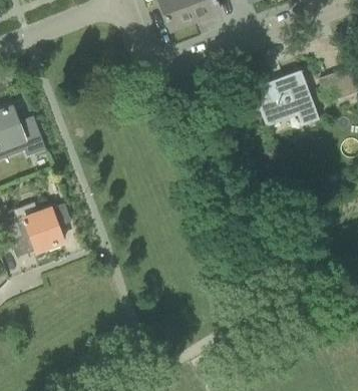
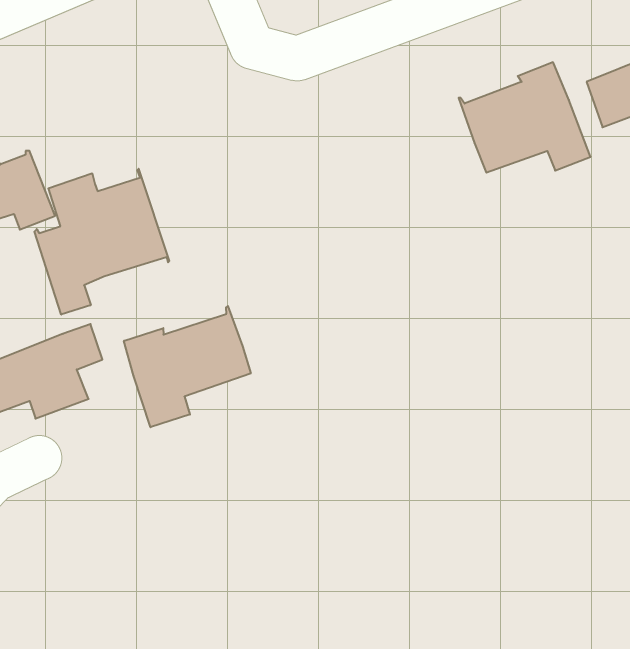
building: none -> [34,169,169,315]
building: none -> [124,306,251,427]

